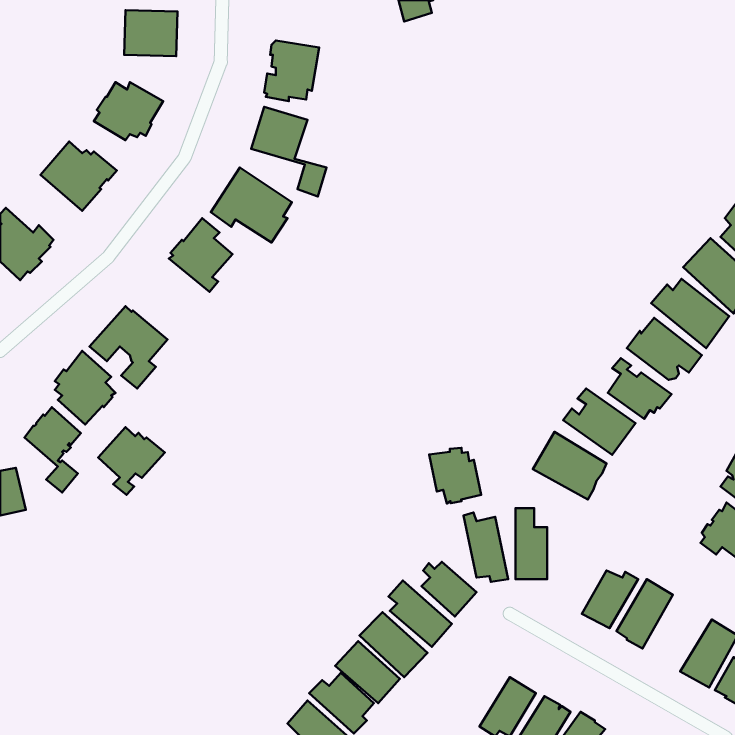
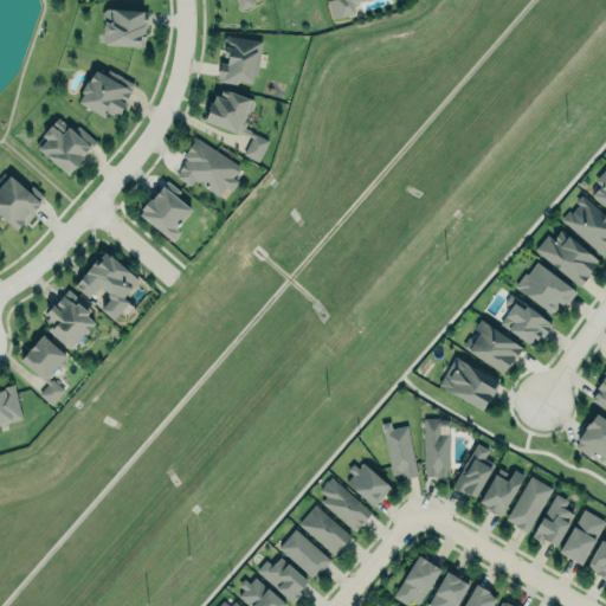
building: [98,427,165,495] -> none
building: [429,448,481,503] -> none
building: none -> [453,444,496,499]
building: none -> [533,494,576,547]

